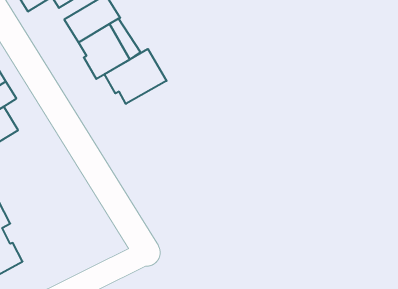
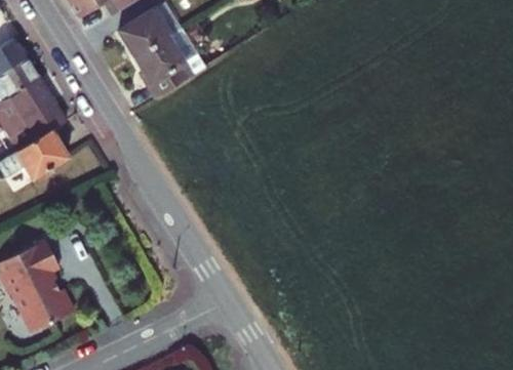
building: [104,49,167,104] -> none

